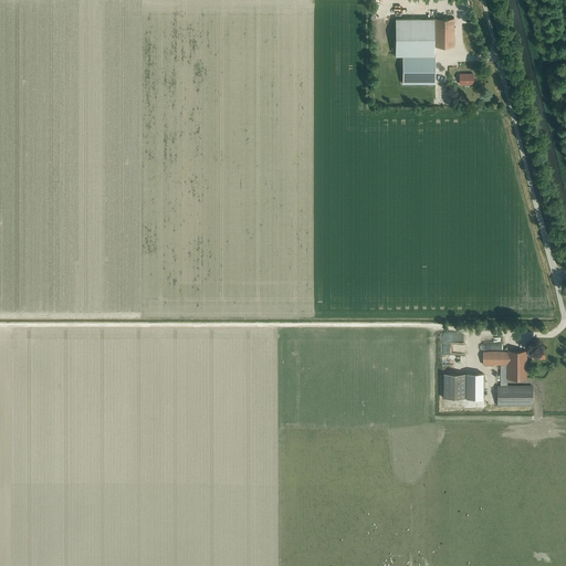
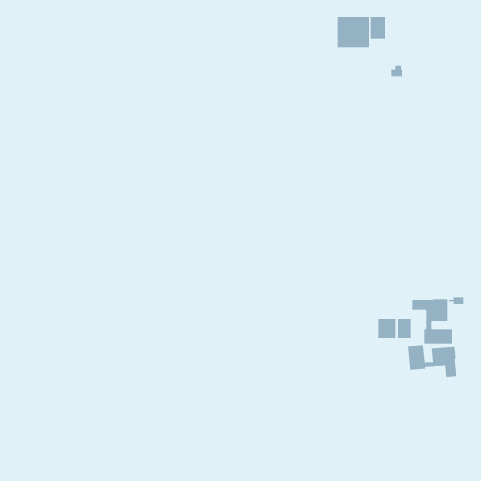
building: [402,56,434,84] -> none
building: none -> [407,345,457,378]

